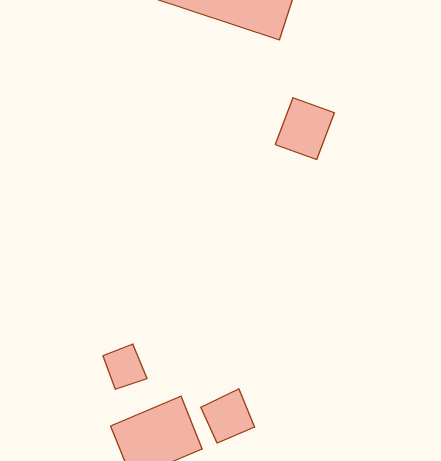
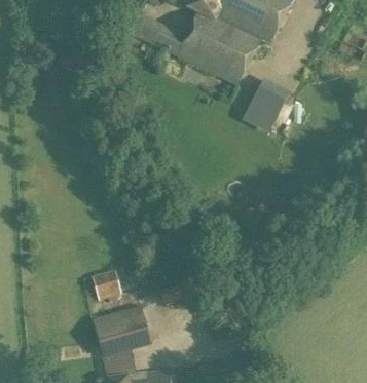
building: [275,98,334,159] -> [249,79,290,121]
building: [201,389,255,443] -> none

